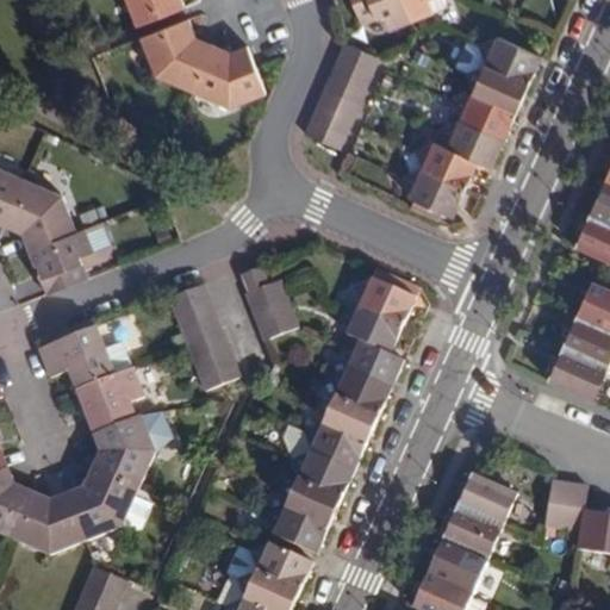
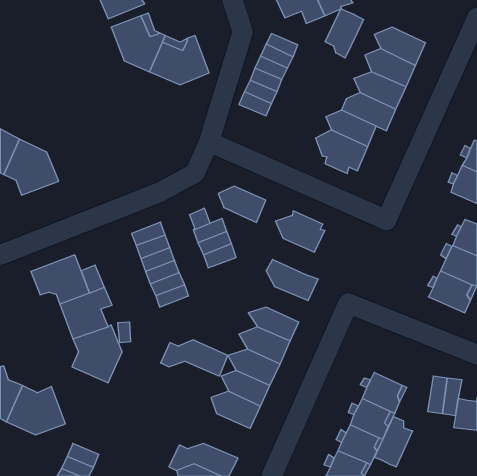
building: none -> [325,9,363,58]
building: [27,222,110,293] -> none
building: [341,304,402,350] -> [218,186,266,223]
building: [328,366,393,411] -> none
building: [66,468,151,541] -> none
building: none -> [374,416,413,467]
building: [229,539,315,585] -> [161,340,228,376]

